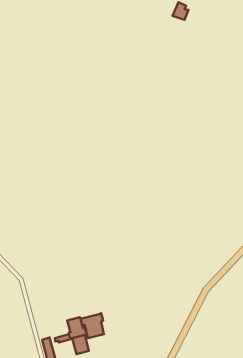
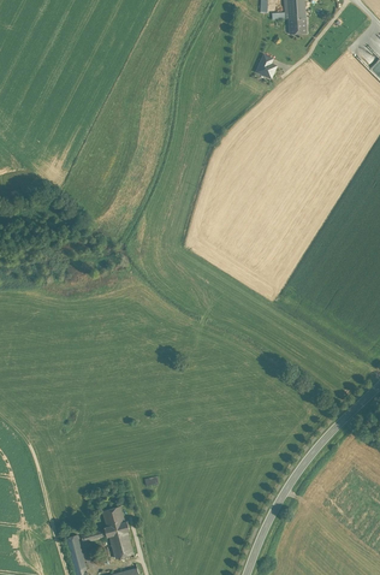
building: [81,313,104,338] -> none

